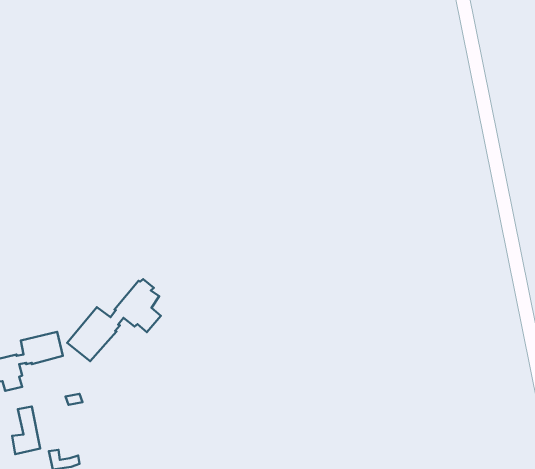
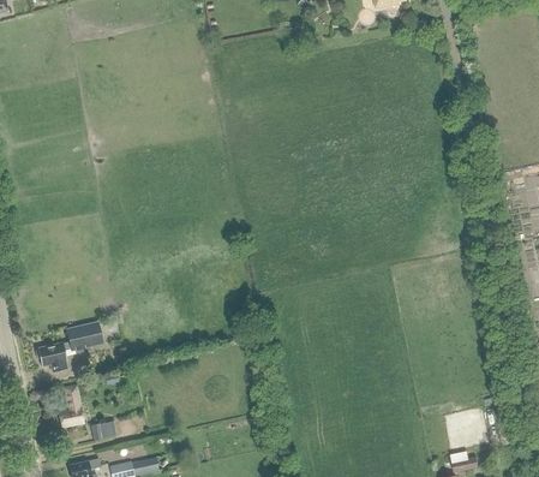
building: [67,279,161,361] -> none

